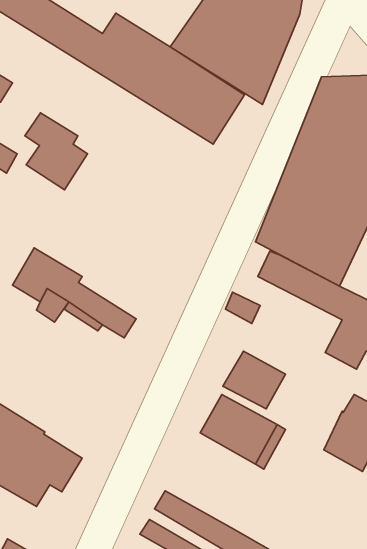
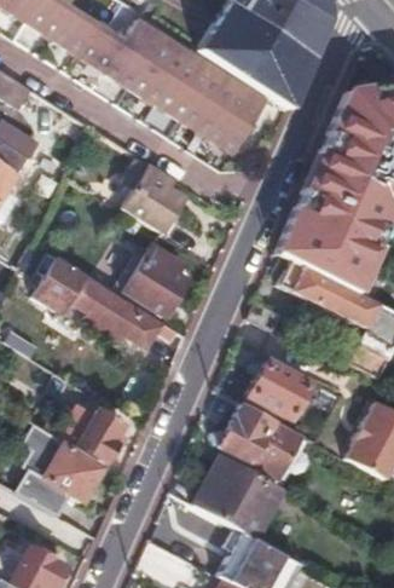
building: [25,113,87,190] -> [123,156,186,234]
building: none -> [127,244,187,317]
building: none -> [79,409,127,462]
building: none -> [195,452,285,538]

